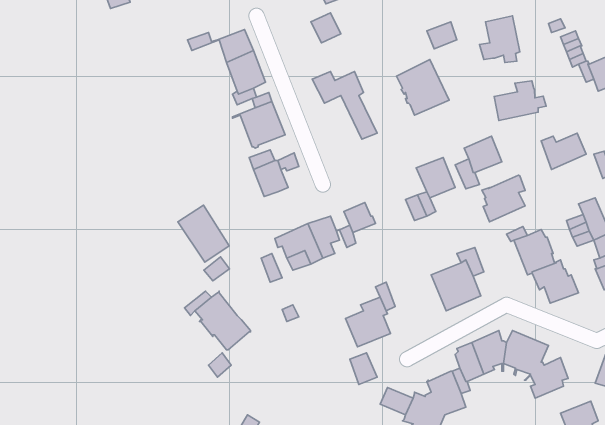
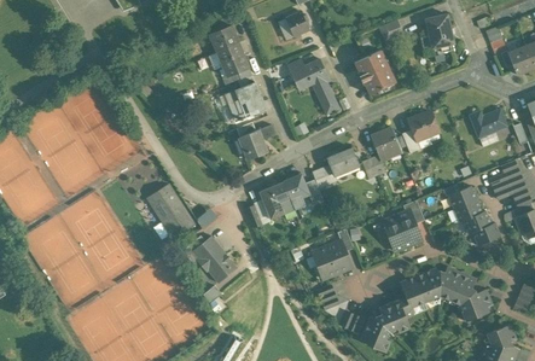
building: [494,81,546,120] -> none
building: [482,175,525,222] -> none
building: none -> [326,147,360,175]
building: [178,205,229,262] -> [152,192,193,238]

